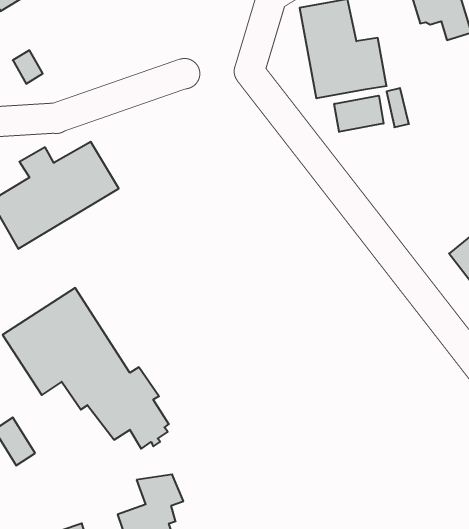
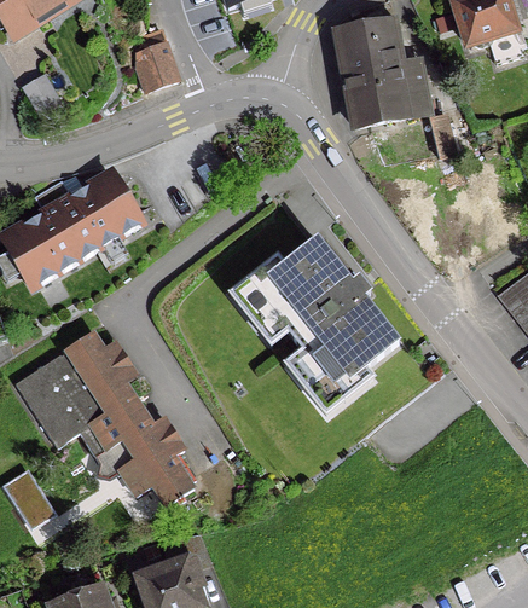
building: none -> [135,30,178,91]
building: [334,96,384,132] -> none
building: none -> [253,239,398,394]

